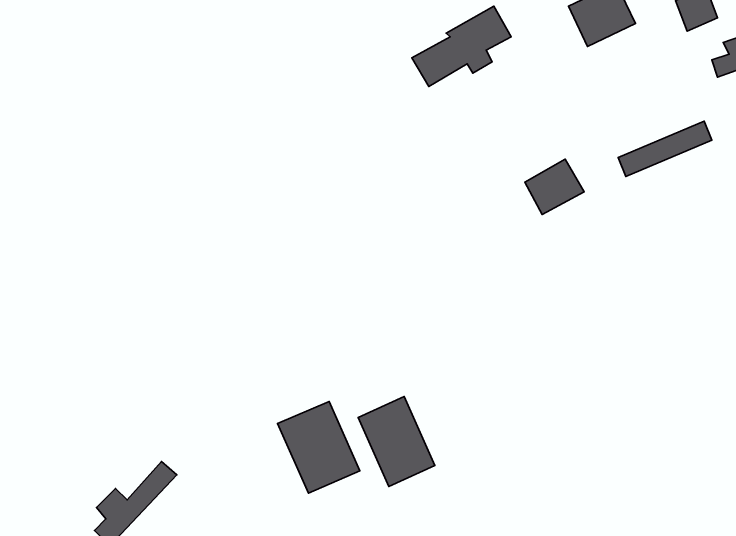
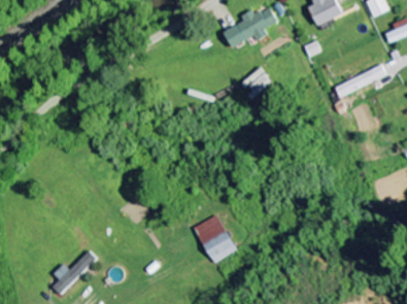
building: [525,159,584,215] -> [241,68,273,98]
building: [278,401,360,493] -> none

